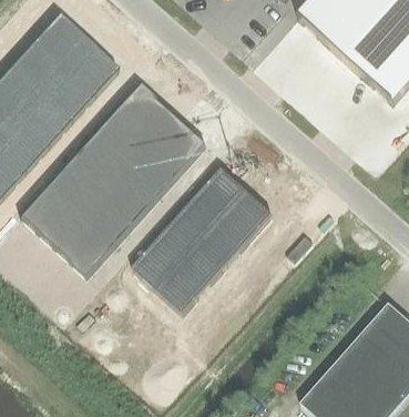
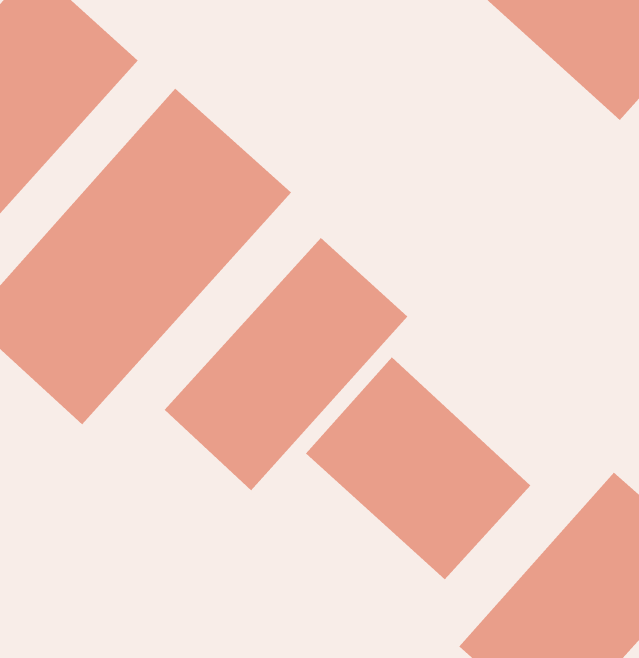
building: none -> [305,357,531,580]

